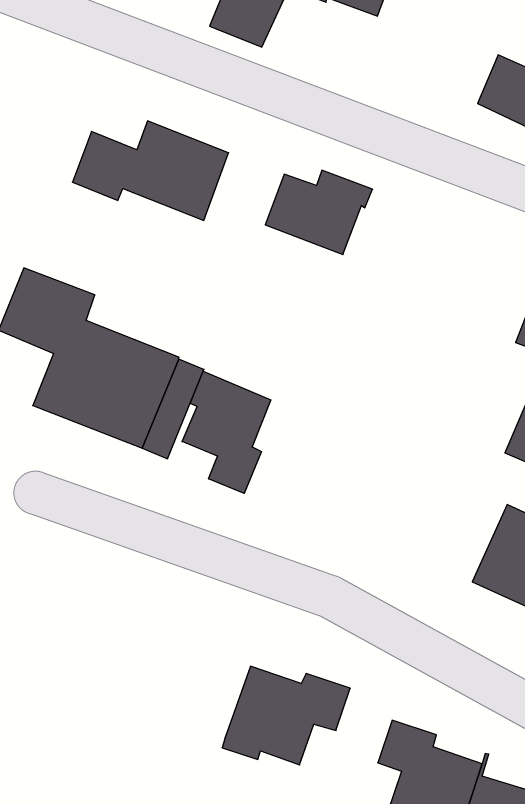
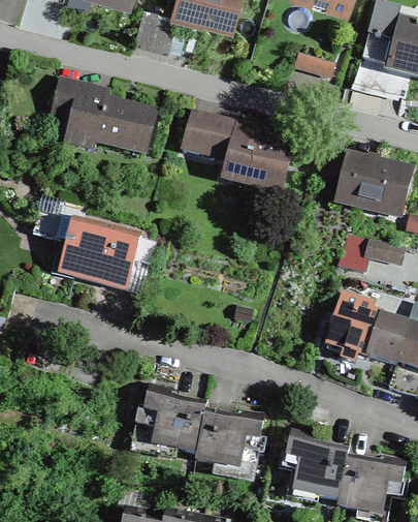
building: none -> [52,79,106,118]
building: none -> [224,133,291,192]
building: [182,371,271,493] -> none
building: none -> [144,386,208,454]

